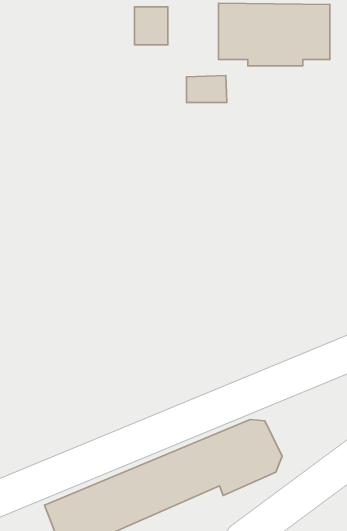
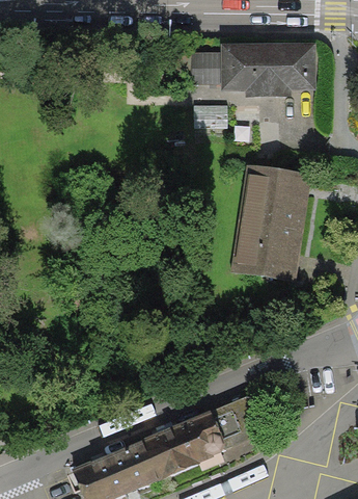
building: [135,7,168,45] -> [192,51,220,83]
building: none -> [229,164,310,281]

